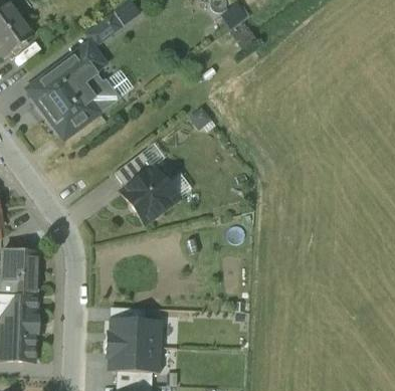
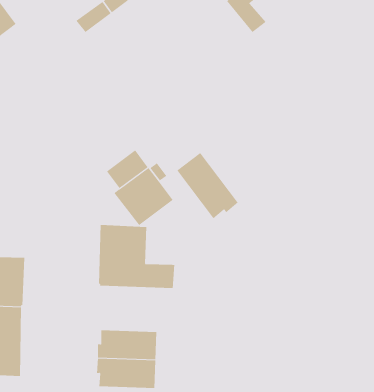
building: [27,46,118,138] -> none
building: none -> [177,152,239,219]
building: none -> [99,224,175,289]

